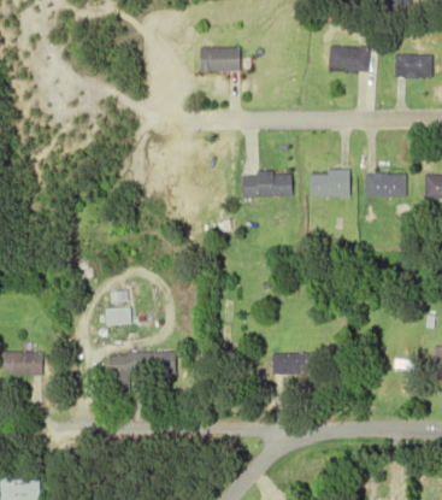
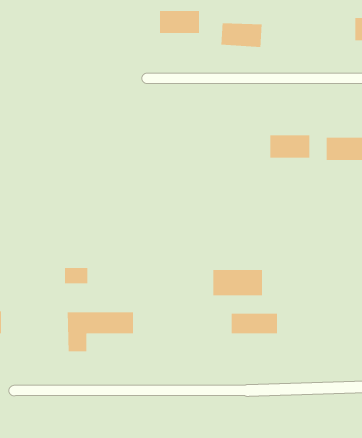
building: [329,46,371,71] -> [221,23,263,48]
building: [241,172,291,196] -> none
building: none -> [213,269,263,296]

